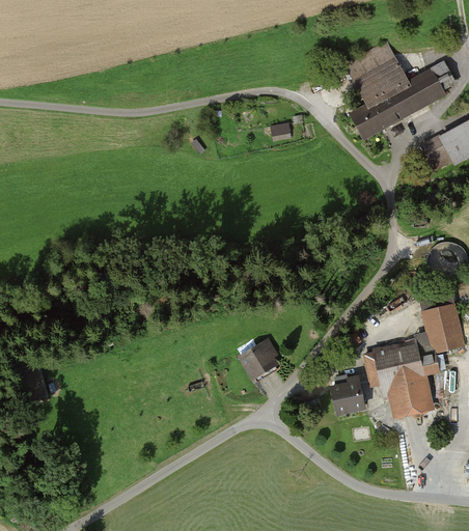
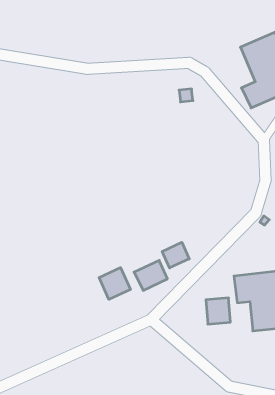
building: none -> [162,242,189,268]
building: none -> [99,268,130,299]

